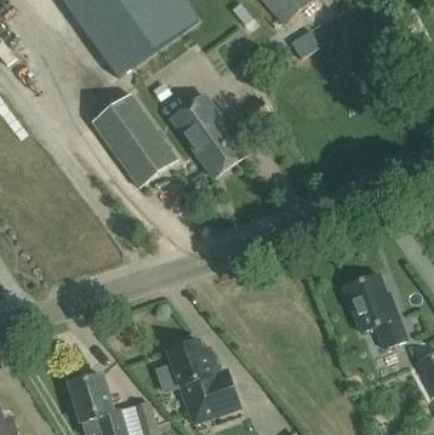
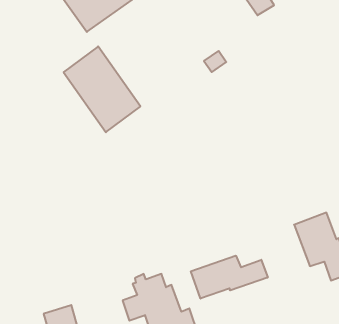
building: [172,93,247,176] -> none
building: none -> [191,256,268,299]

